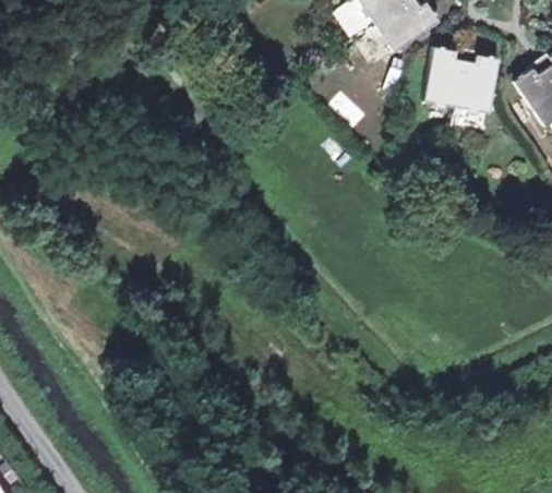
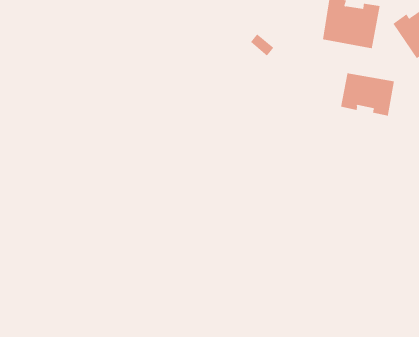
building: none -> [340,73,395,116]

